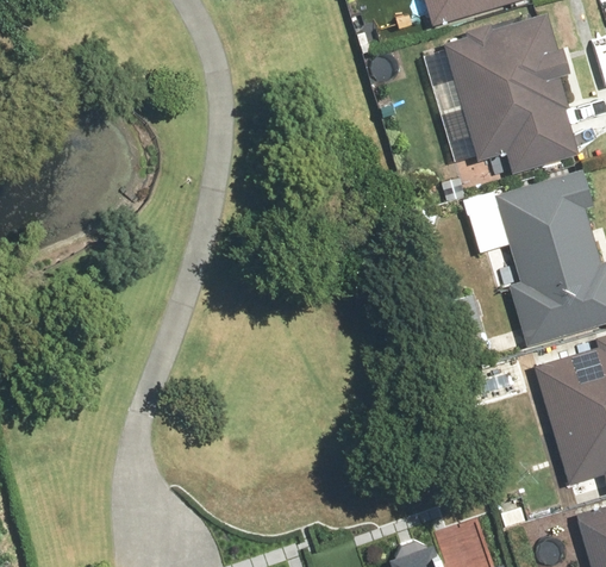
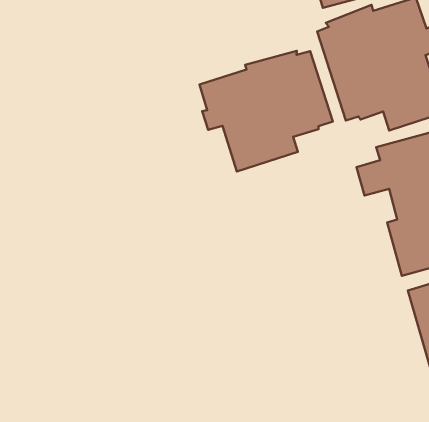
building: none -> [200,51,333,171]

